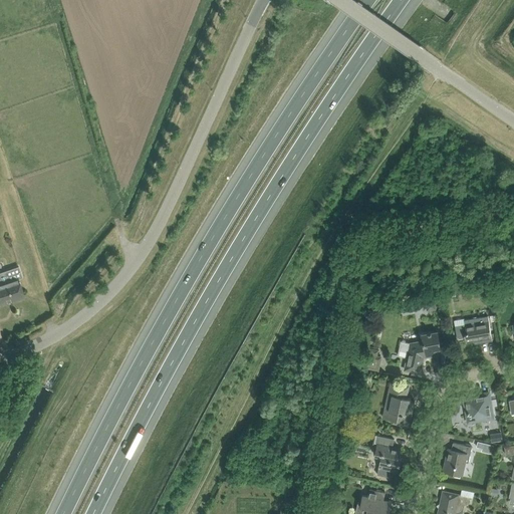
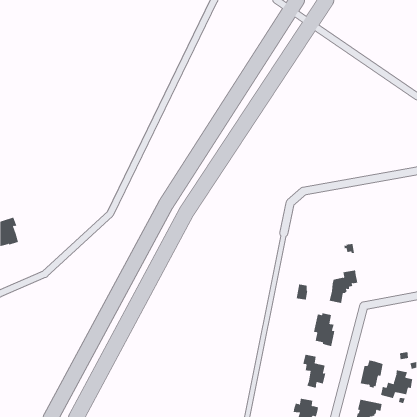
building: [454,316,492,344] -> none
building: [464,395,492,422] -> none
building: none -> [381,370,413,399]

